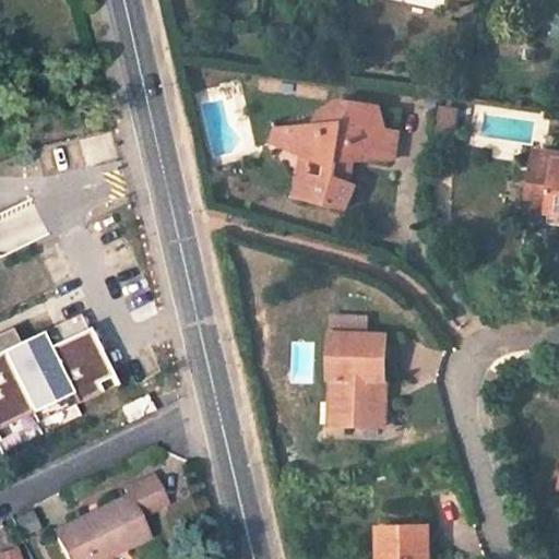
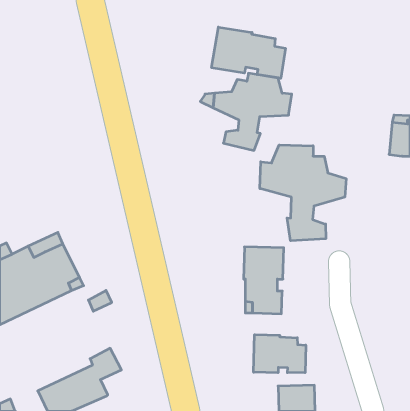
building: none -> [212,27,285,78]
building: none -> [260,145,346,241]
building: none -> [254,335,306,373]

